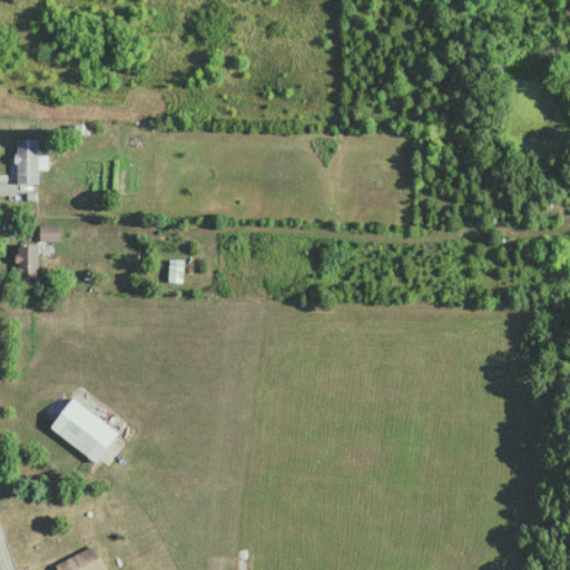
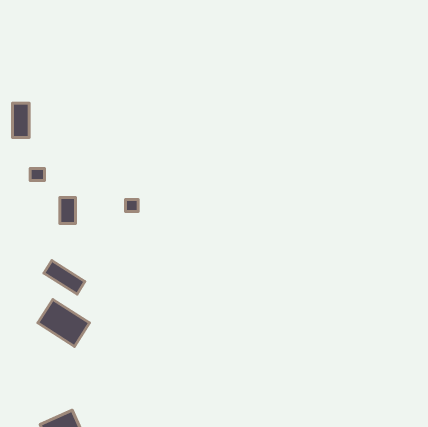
building: [17,245,38,279] -> [60,198,76,224]
building: none -> [44,260,85,294]

